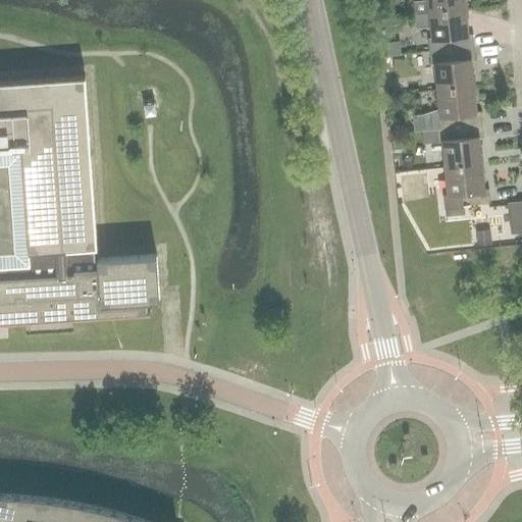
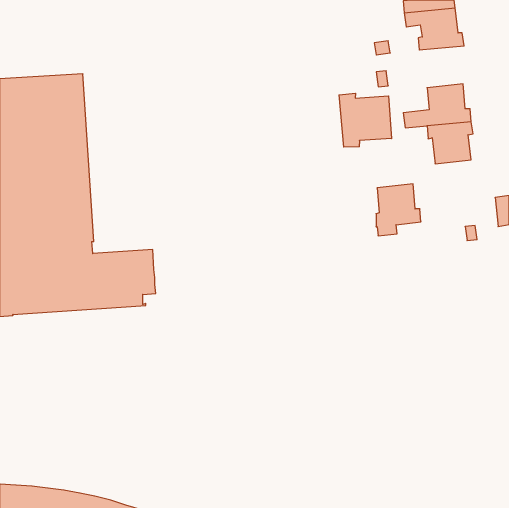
building: [428,49,475,92] -> none
building: none -> [339,93,392,147]
building: [443,165,489,218] -> [376,184,421,236]

